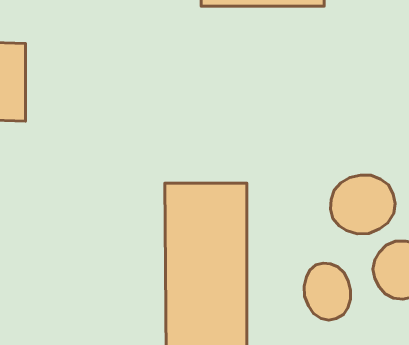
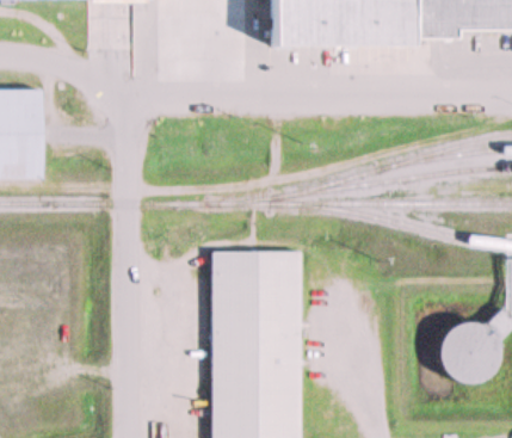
building: [331,175,395,234] -> none
building: [304,263,351,320] -> none

